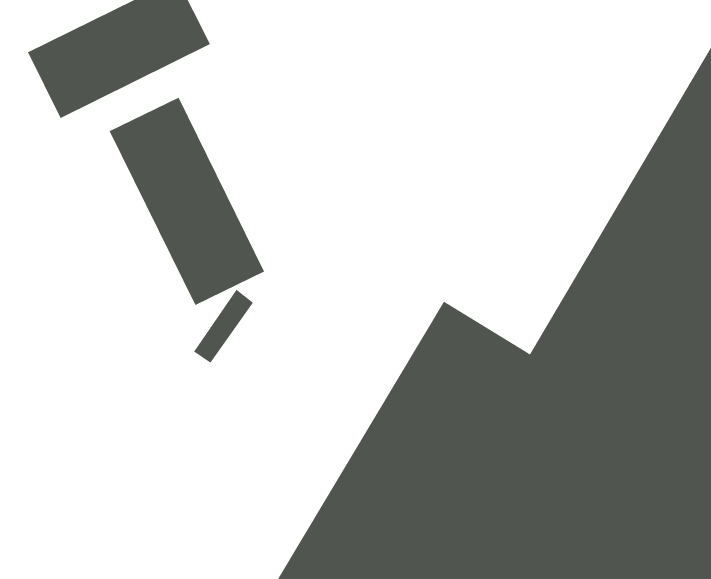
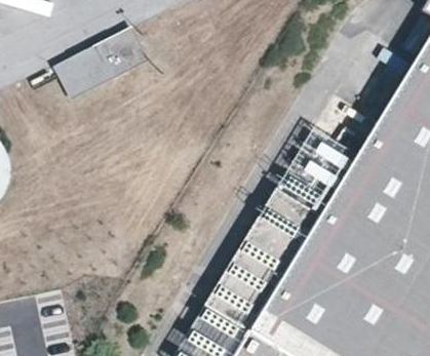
building: [109,97,265,306] -> none

